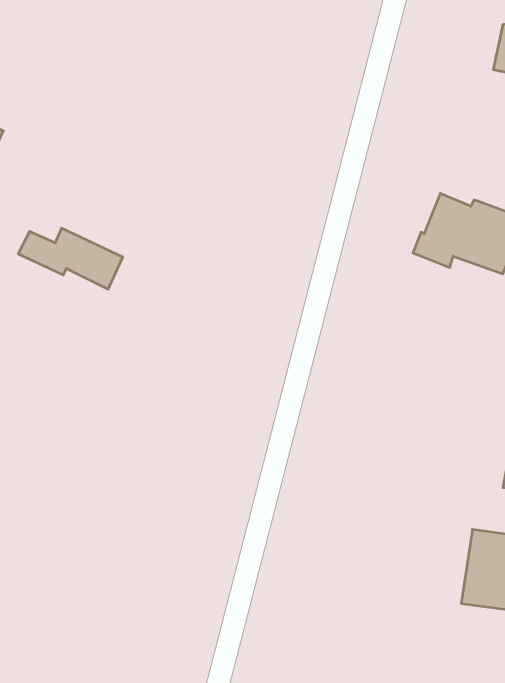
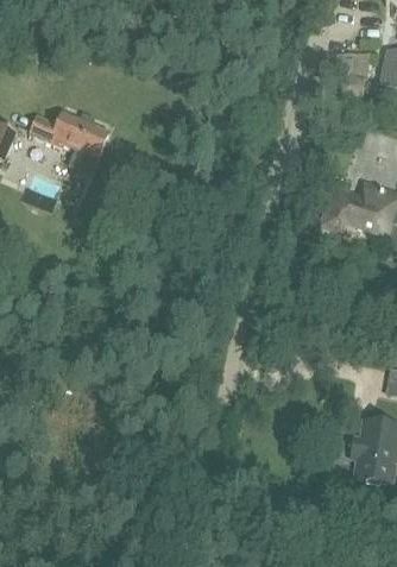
building: [18,228,123,289] -> [31,111,108,156]

